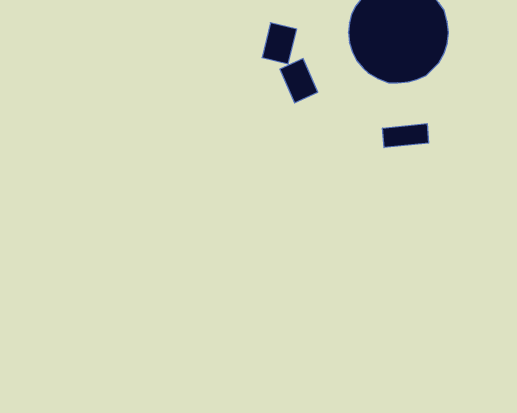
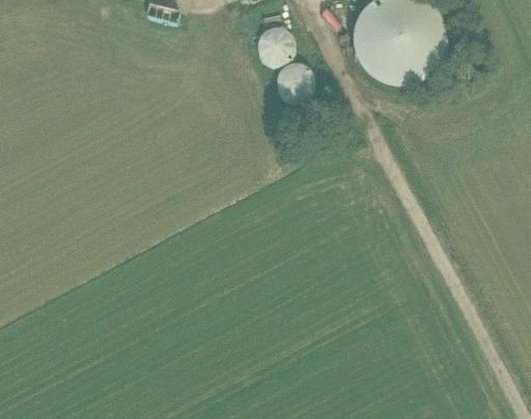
building: [383,124,429,148] -> none

